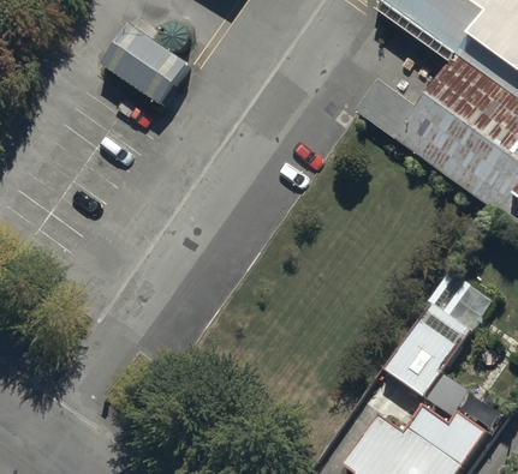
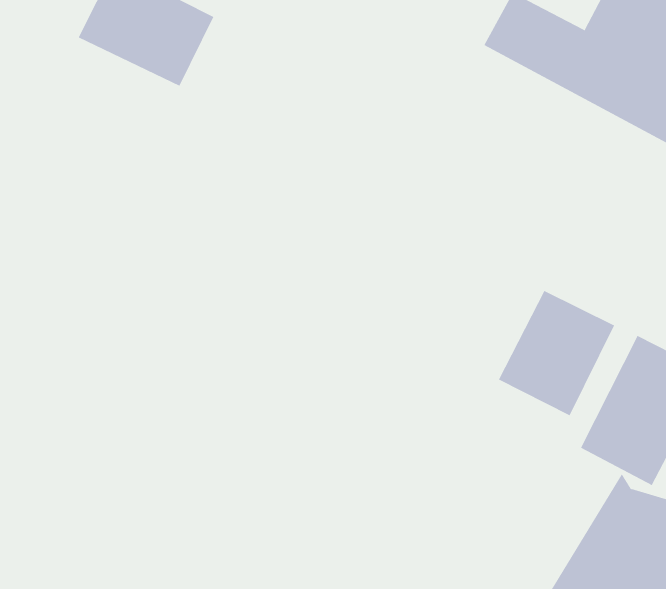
building: none -> [498,290,615,416]

